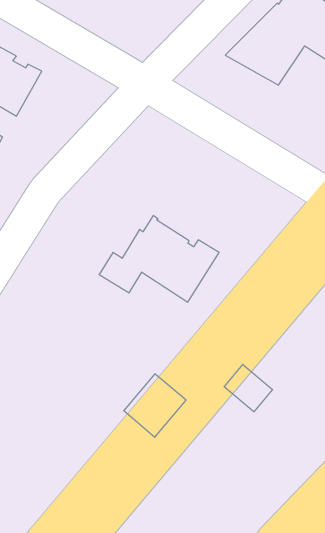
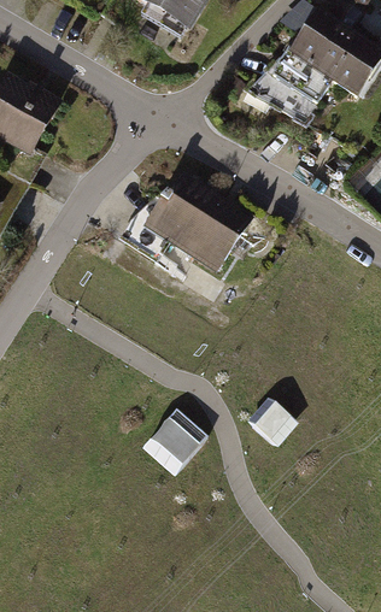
building: [99,216,219,302] -> [125,175,251,265]

